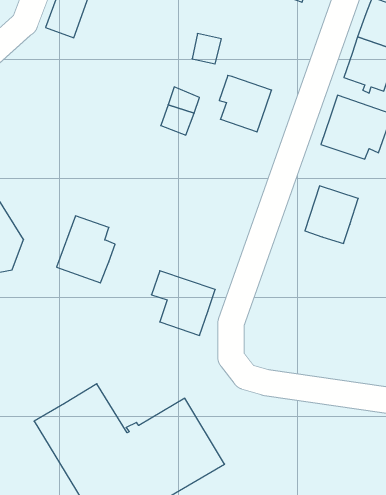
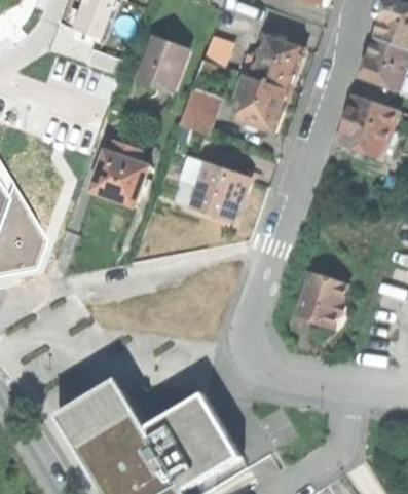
building: none -> [248,36,301,90]
building: none -> [135,37,185,93]
building: [305,186,358,243] -> [293,272,345,329]
building: [57,216,115,283] -> [88,140,146,205]
building: [151,271,215,335] -> [181,158,244,222]

